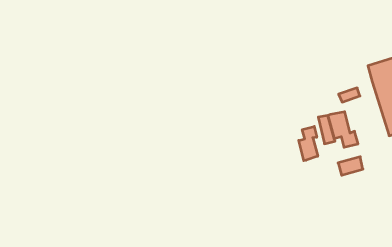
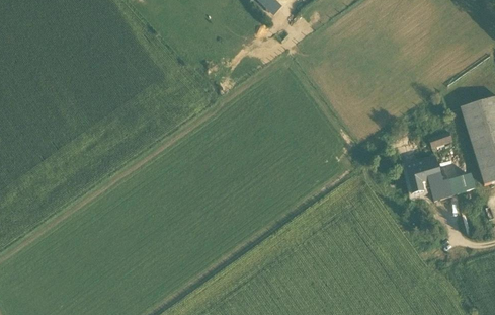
building: [299,126,318,161] -> none
building: [338,157,363,175] -> [446,173,475,194]

